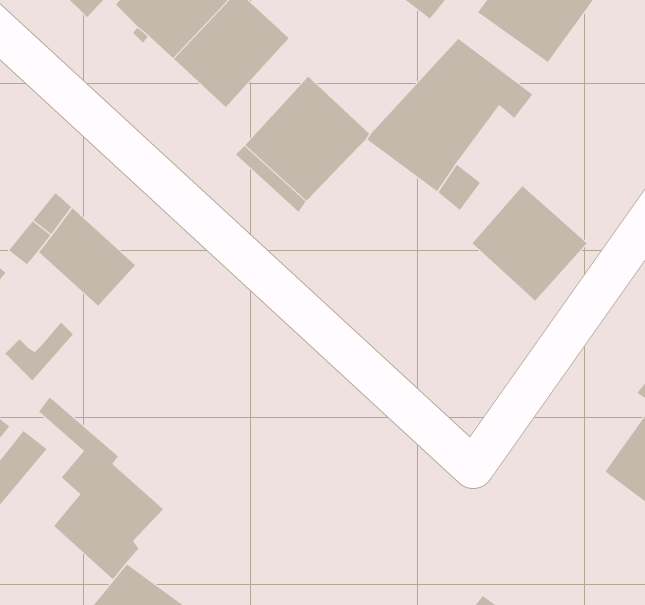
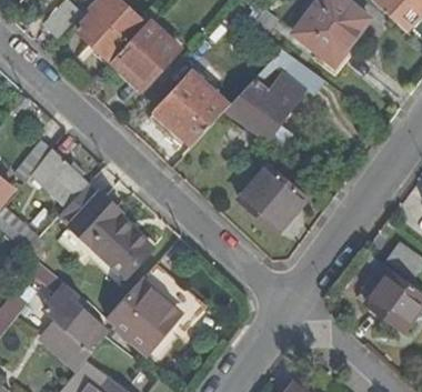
building: [471,185,588,301] -> [238,164,307,233]
building: none -> [62,192,153,283]
building: none -> [106,271,198,361]

